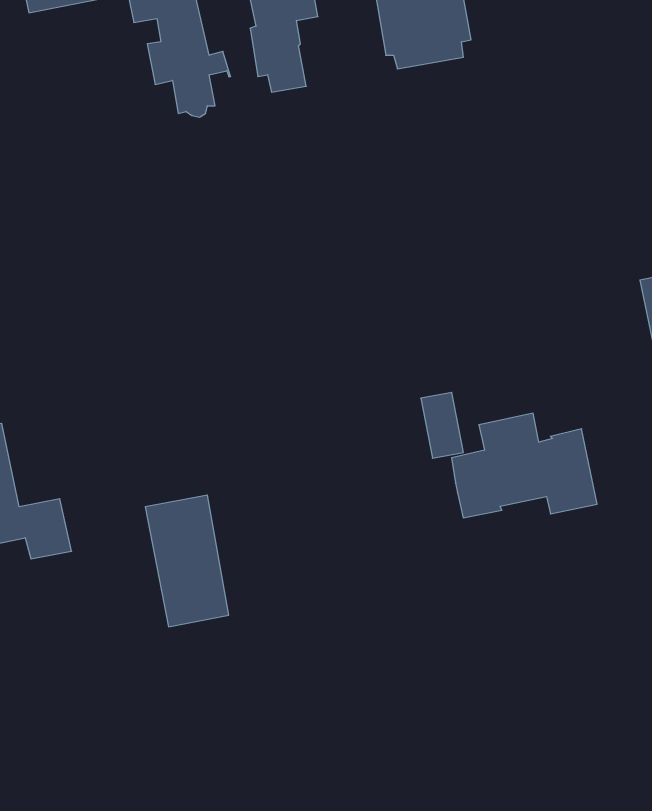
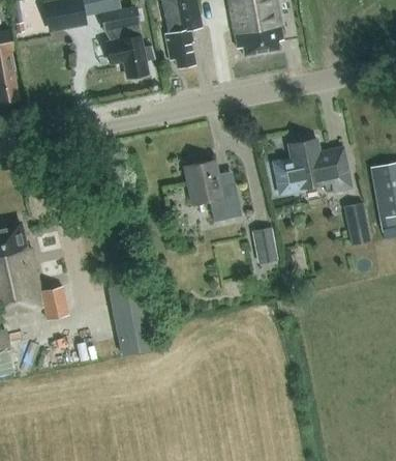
building: none -> [185,161,242,223]
building: none -> [342,202,368,232]
building: [452,413,597,518] -> [274,139,352,195]

